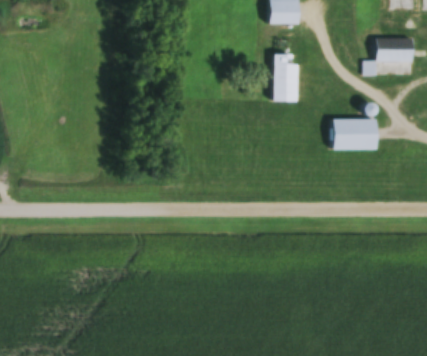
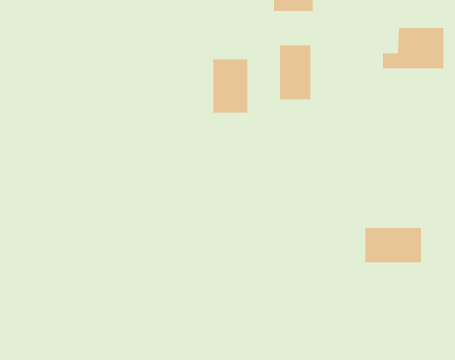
building: none -> [213,58,248,114]
building: [330,118,380,149] -> [364,227,422,263]

